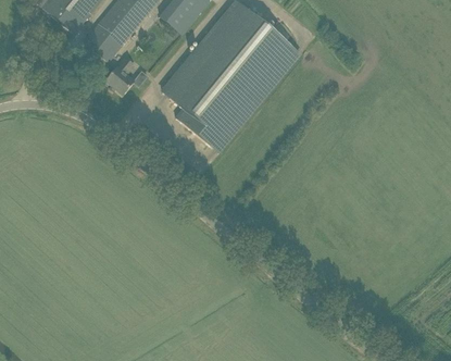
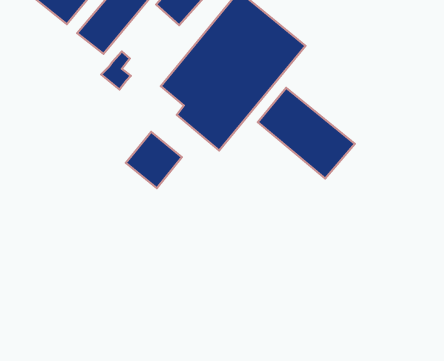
building: none -> [258,88,355,179]
building: none -> [126,132,182,188]

